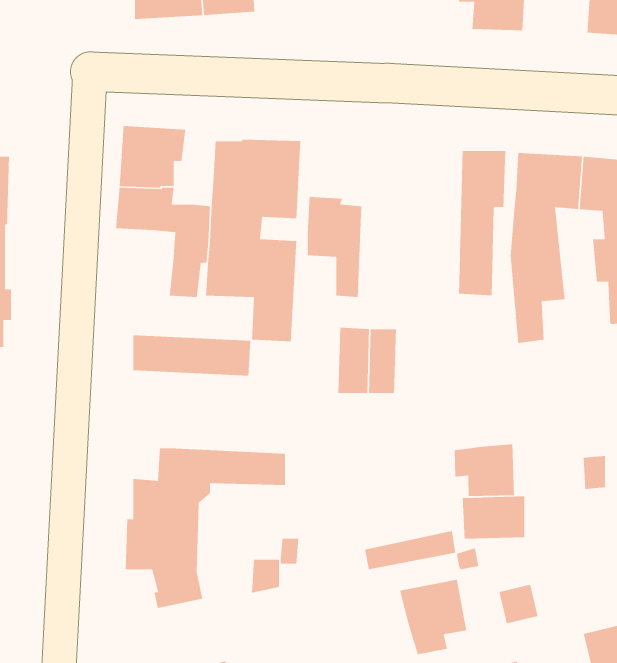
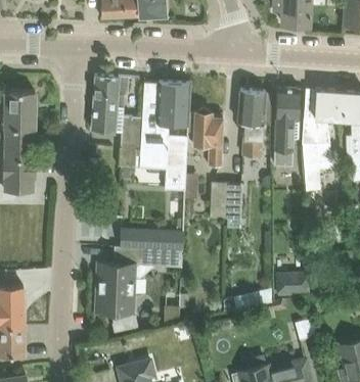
building: none -> [238,91,265,156]
building: [132,334,251,377] -> [120,228,183,250]
building: [454,444,515,497] -> none
building: [399,579,467,655] -> none

